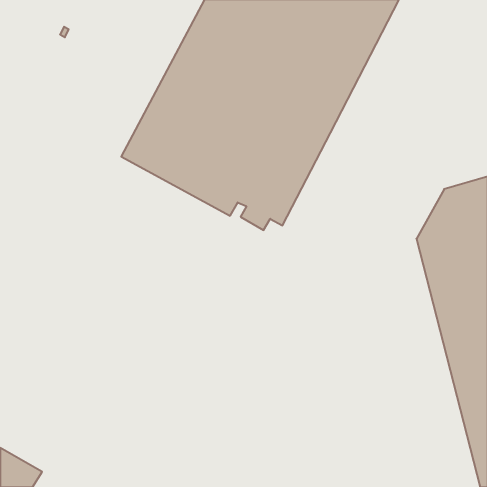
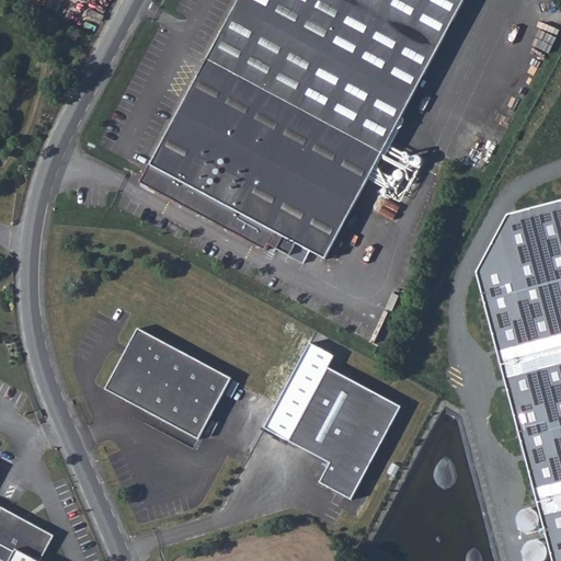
building: none -> [105,328,230,438]
building: none -> [267,343,404,501]

